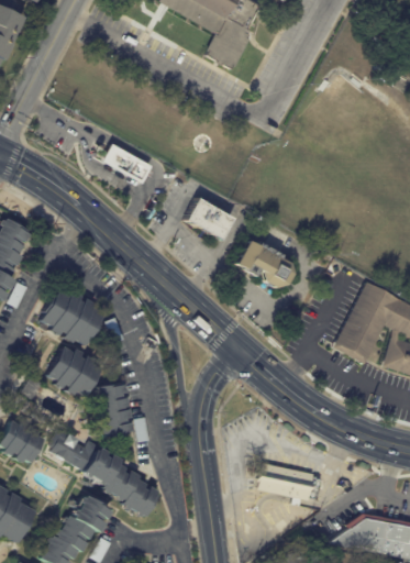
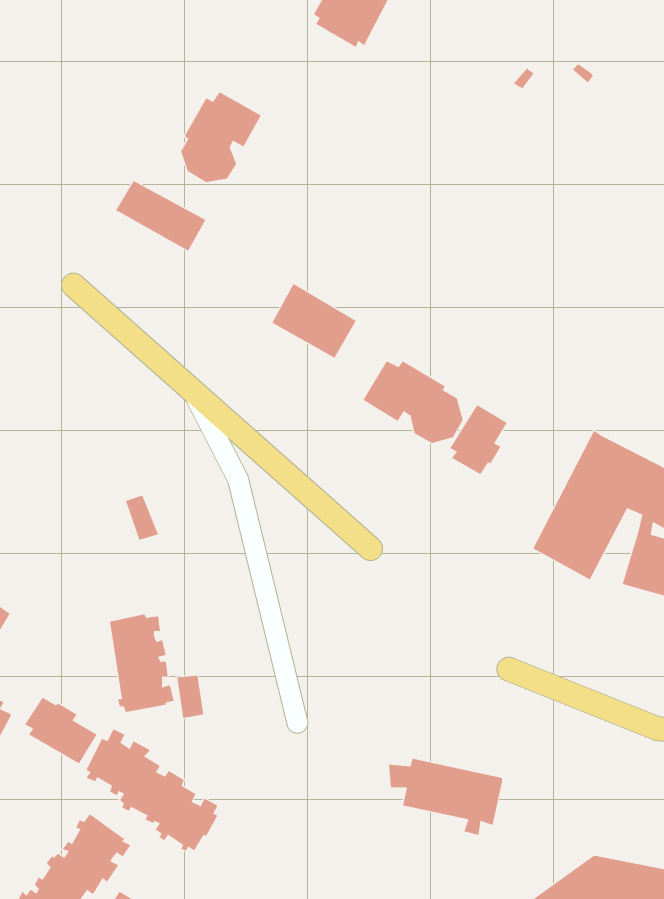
building: none -> [180,91,262,183]
building: none -> [449,404,508,475]
building: [41,288,103,345] -> none
building: [47,346,101,397] -> none

